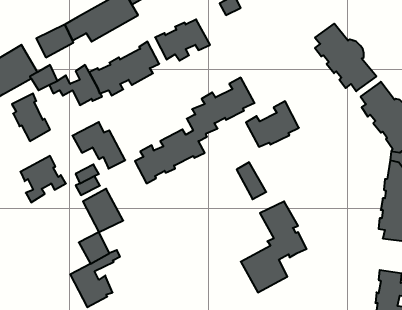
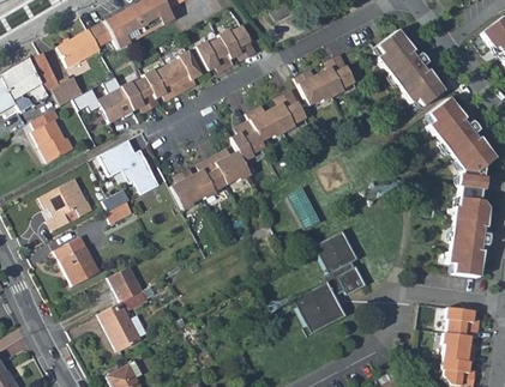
building: [246,101,299,147] -> [294,53,354,104]
building: [83,189,123,232] -> [54,236,100,285]

